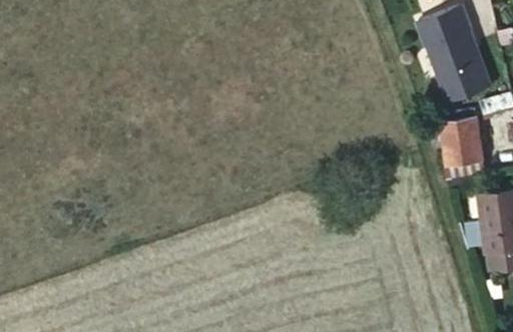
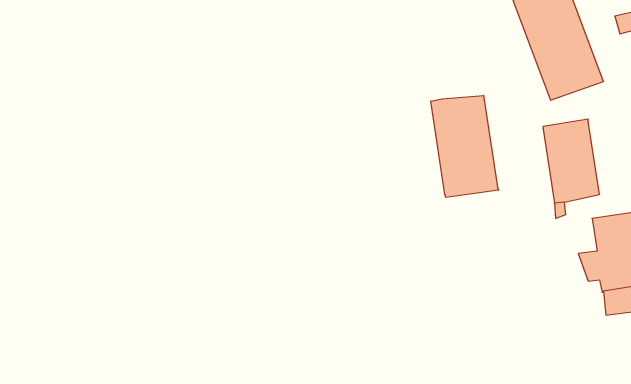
building: none -> [431,95,498,197]

